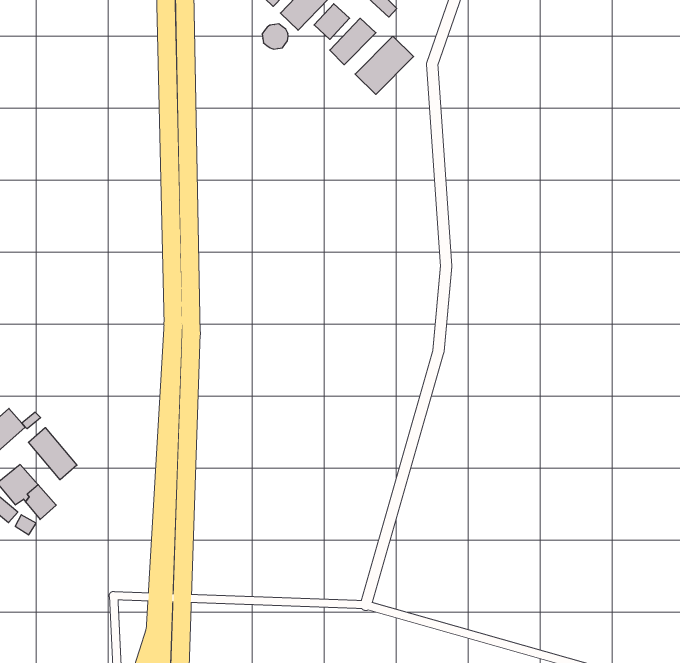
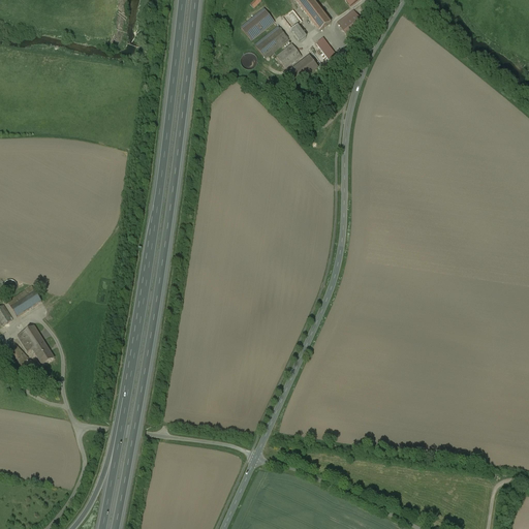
building: [355,36,414,94] -> none
building: [28,428,77,480] -> none

